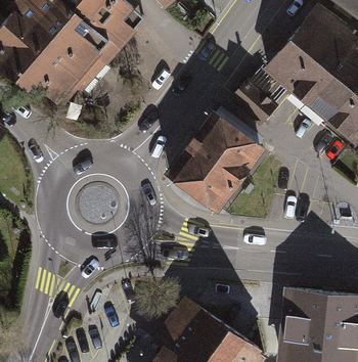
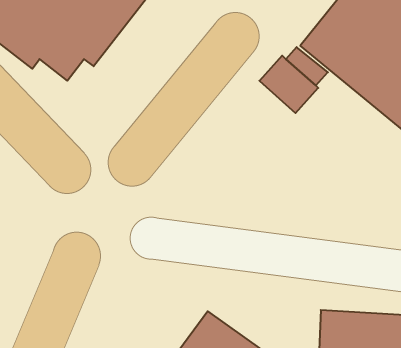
building: [164,108,266,214] -> none

